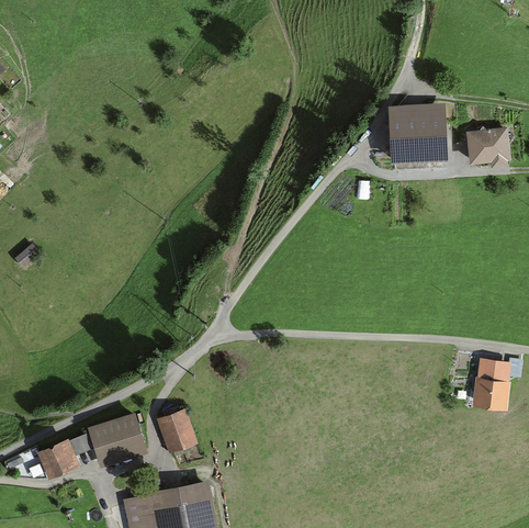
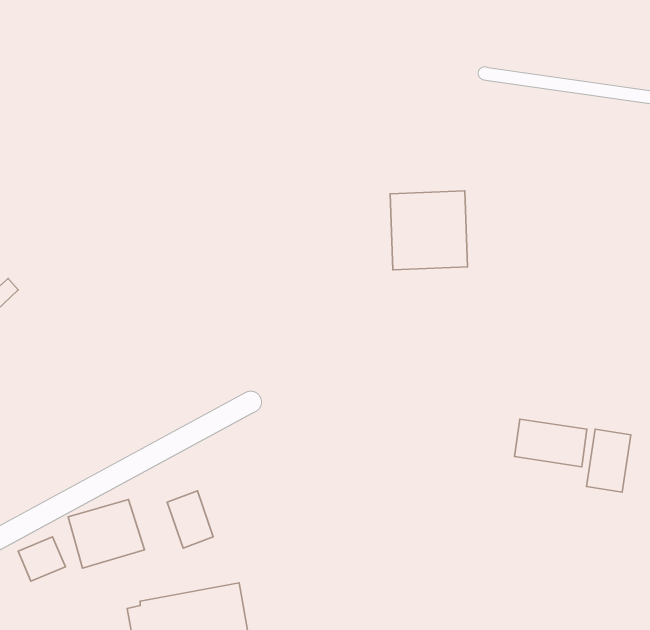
building: [389,103,448,164] -> [390,191,468,270]
building: [469,128,509,166] -> none
building: none -> [514,419,587,467]

